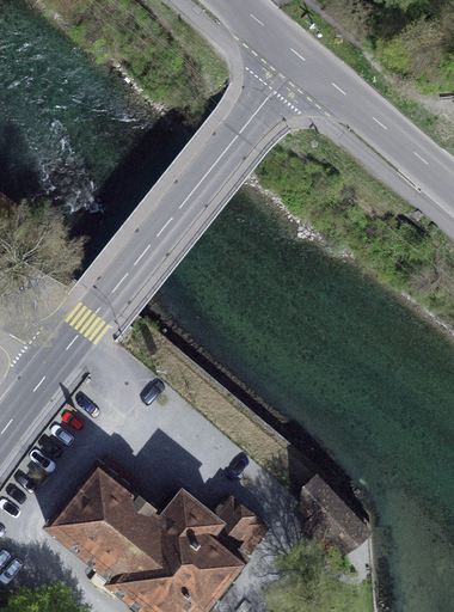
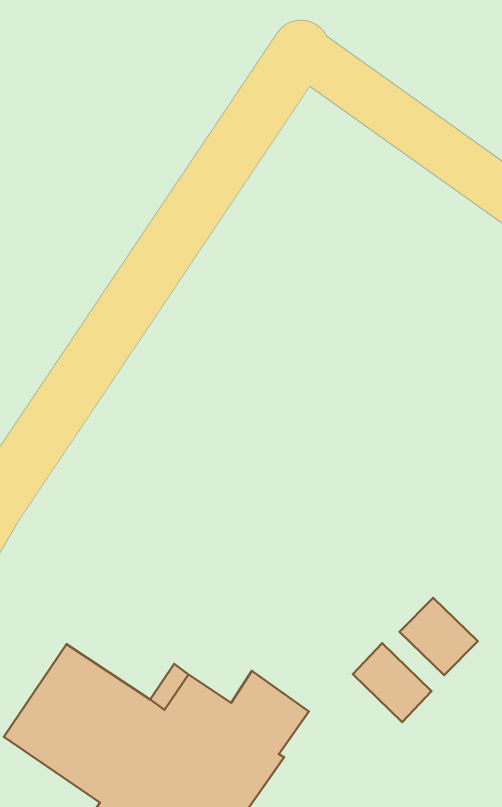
building: none -> [400,598,478,675]

